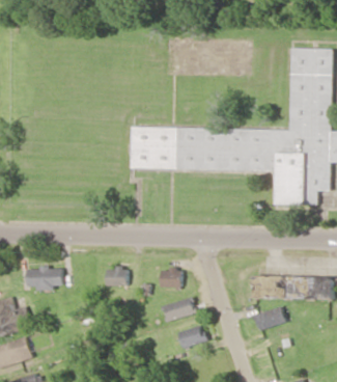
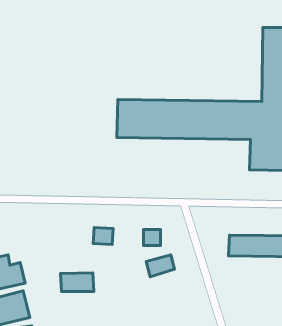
building: [25,267,61,288] -> [61,273,94,292]
building: [254,307,285,329] -> none
building: [177,326,204,347] -> none

